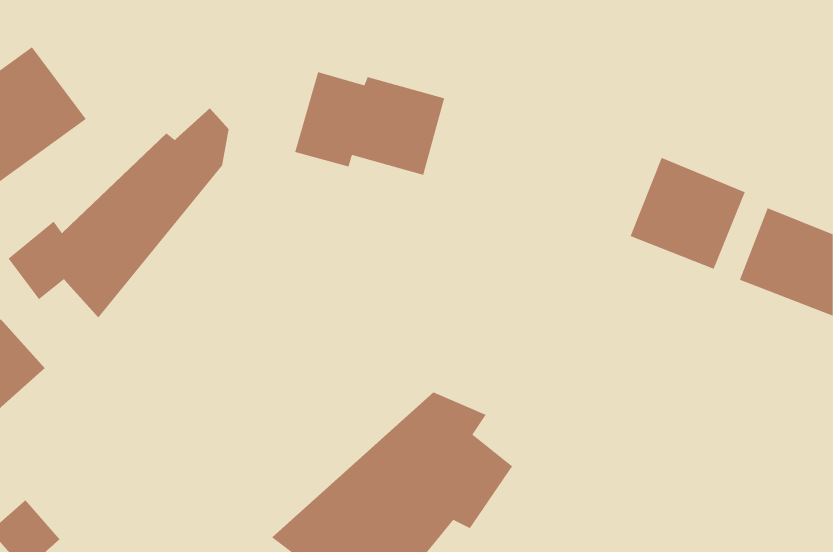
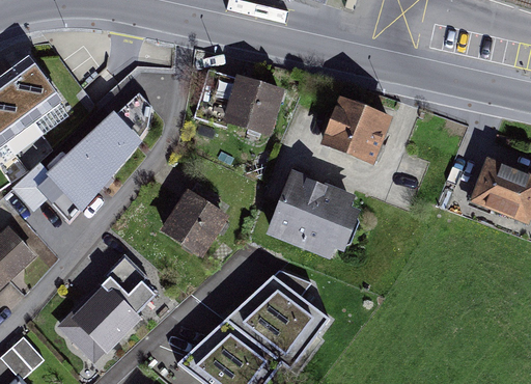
building: [630,157,746,270] -> [320,93,393,164]
building: none -> [266,169,360,258]
building: none -> [161,185,230,256]
building: none -> [57,257,156,364]

